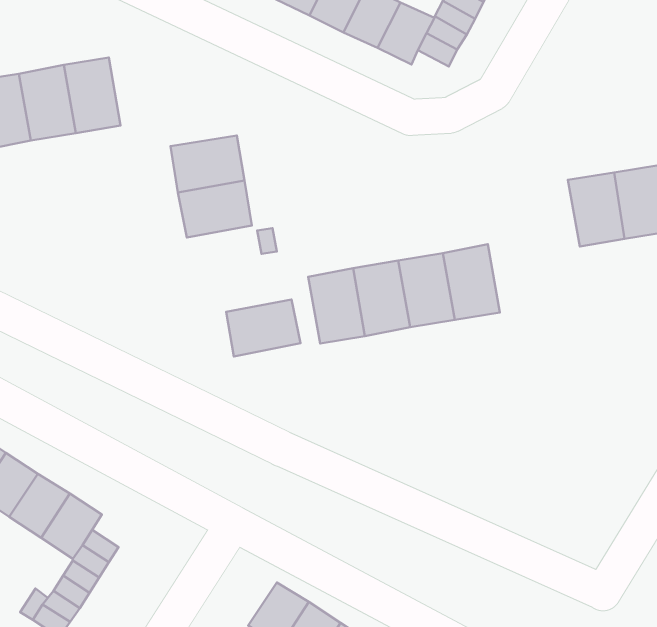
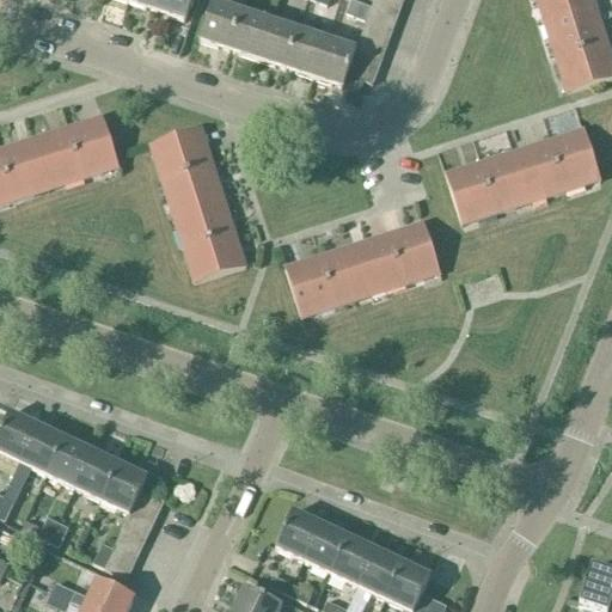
building: none -> [151,124,213,176]
building: none -> [445,159,496,222]
building: [226,300,301,357] -> [184,230,246,281]

